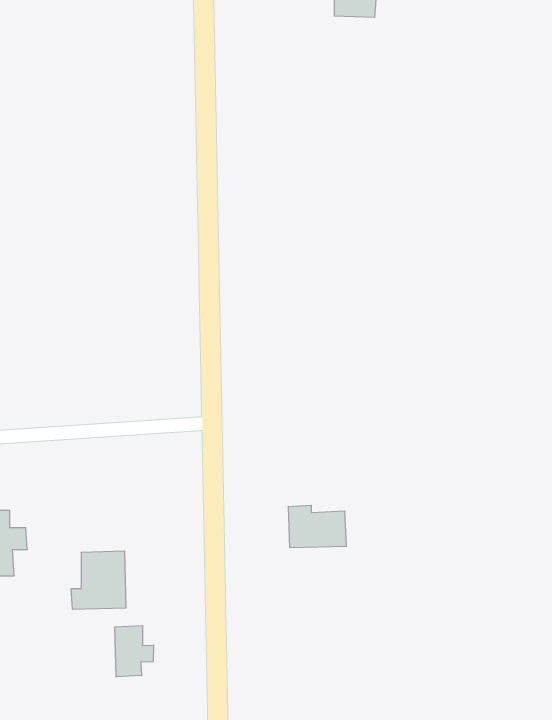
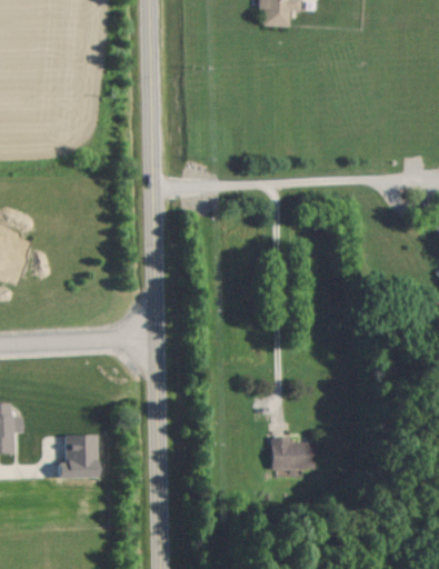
building: [288,505,346,548] -> [271,437,316,469]
building: [115,626,154,677] -> none

